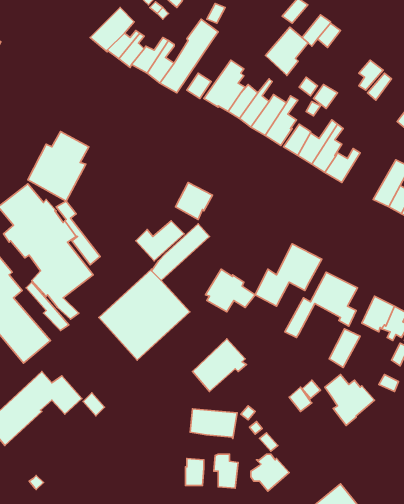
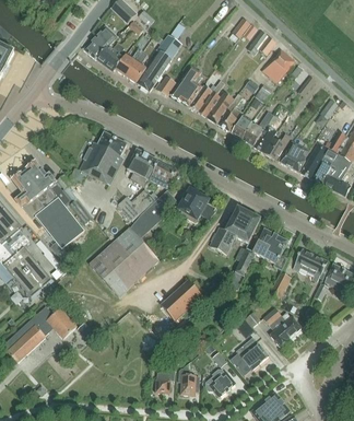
building: [266,27,308,76] -> [262,48,295,85]
building: [28,131,89,201] -> [80,131,127,185]
building: none -> [278,140,310,172]
building: none -> [127,149,157,185]
building: [205,269,255,312] -> [179,189,217,222]
building: [190,409,237,439] -> none
building: none -> [231,337,269,374]

